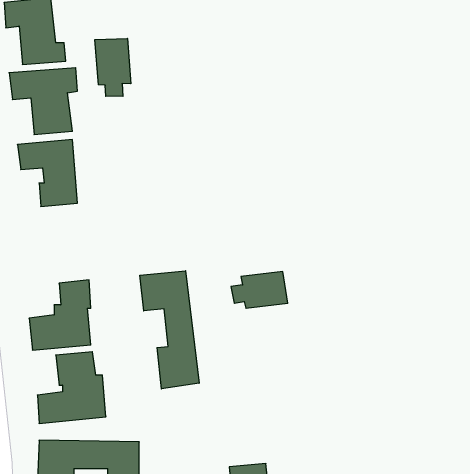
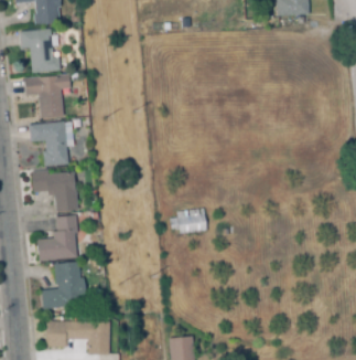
building: [95,38,131,96] -> none
building: none -> [32,169,78,212]
building: [140,271,199,389] -> none

